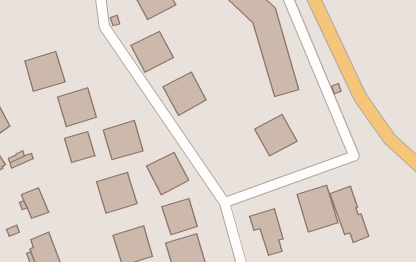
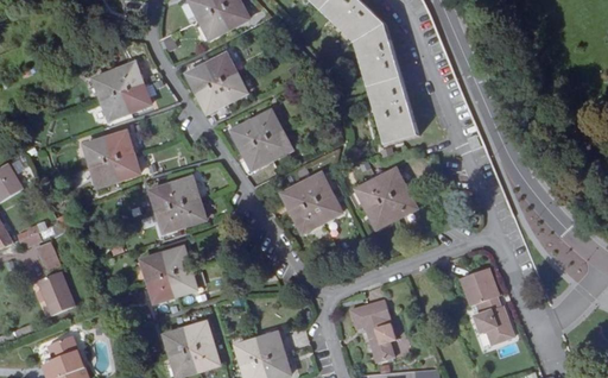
building: [25,52,65,91] -> [93,63,148,118]
building: [64,132,95,163] -> none
building: [146,152,189,195] -> [283,174,341,232]
building: none -> [34,239,62,271]
building: [297,185,338,232] -> none
building: [162,198,197,235] -> none

